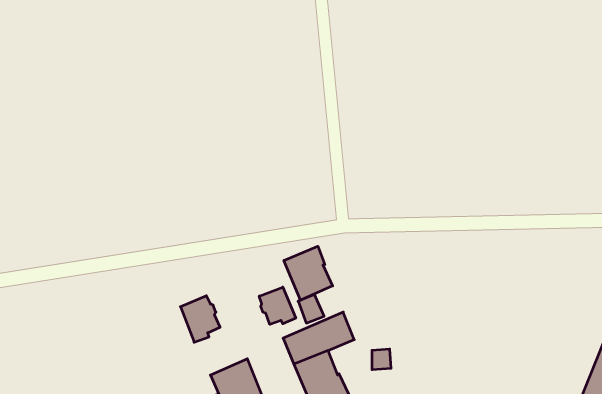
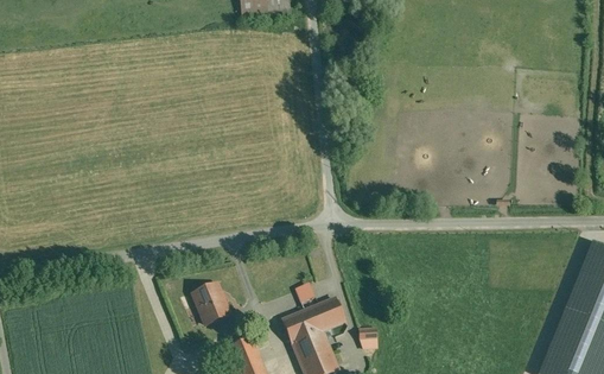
building: [284,246,333,300] -> none
building: [259,287,296,324] -> none

